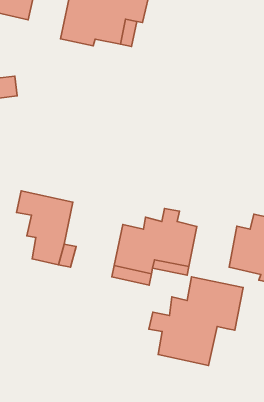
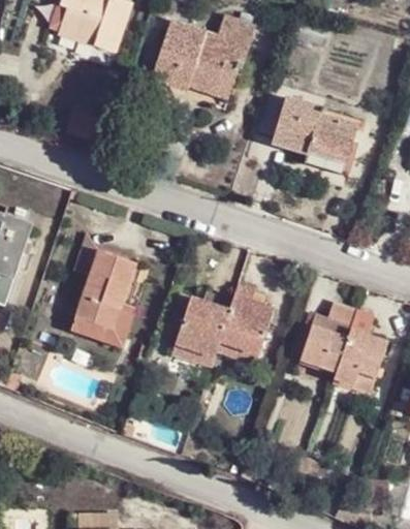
building: none -> [263,95,352,160]
building: [149,277,243,365] -> none

